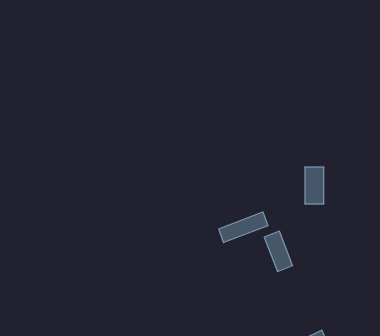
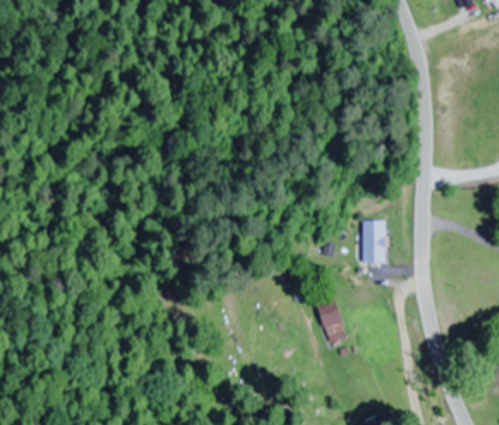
building: [219,212,268,243] -> none

